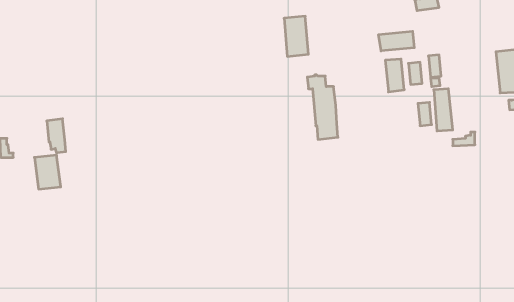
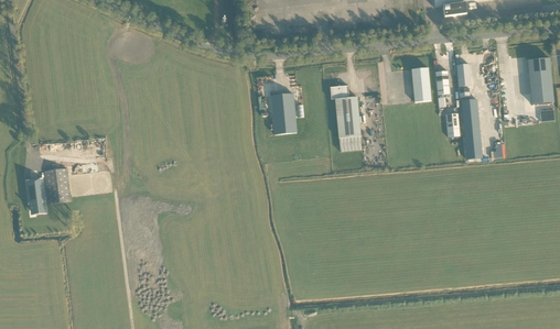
building: [284,16,308,56] -> [271,92,297,134]
building: [379,31,414,51] -> none
building: [47,119,66,153] -> [26,177,46,212]

